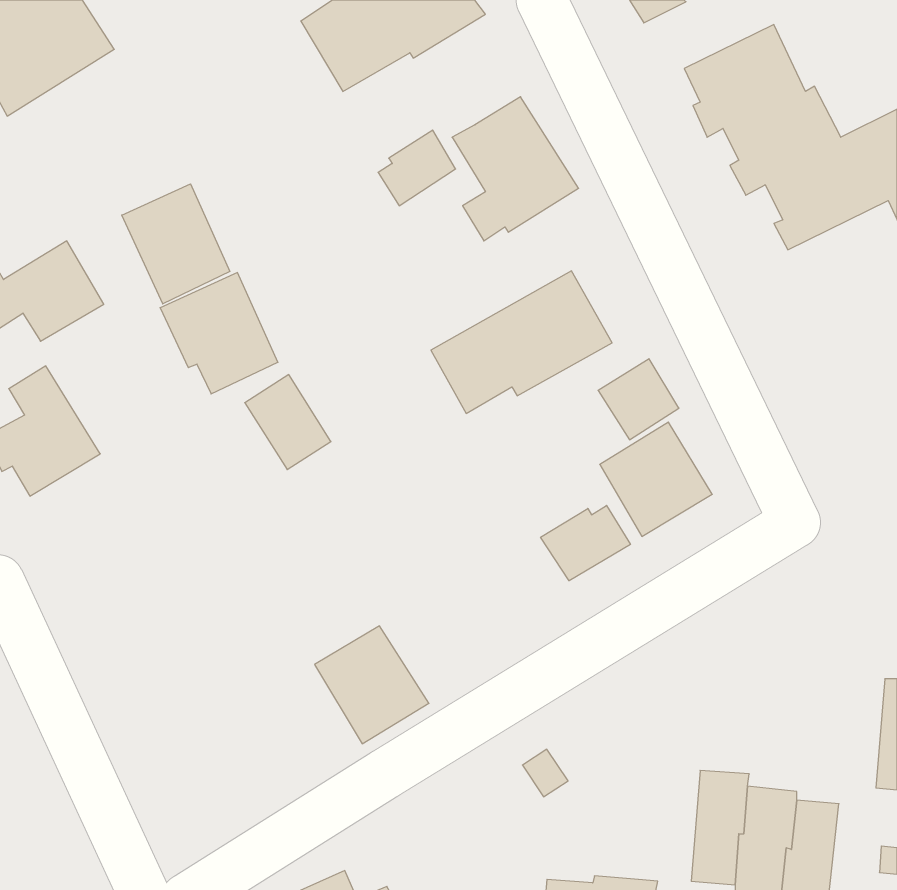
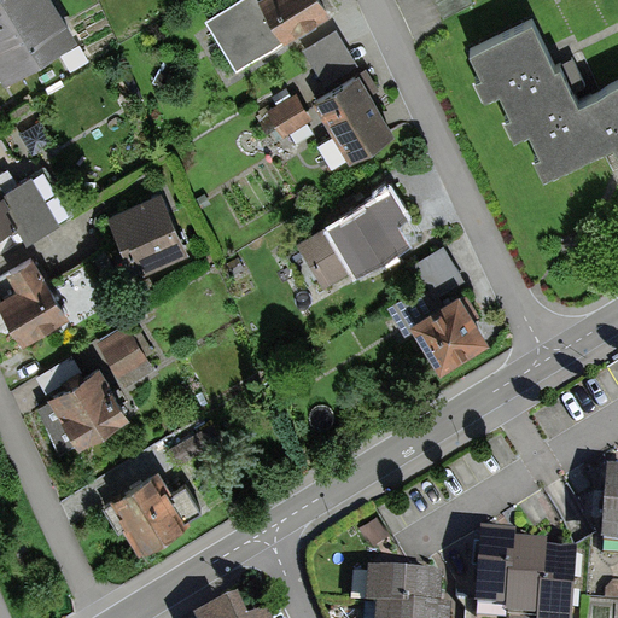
building: none -> [303,34,357,92]
building: [122,184,230,304] -> none
building: [245,375,331,470] -> [97,327,156,392]
building: [541,505,630,581] -> none
building: none -> [35,358,129,457]
building: [315,626,429,744] -> [110,473,188,554]
building: none -> [367,576,441,612]

